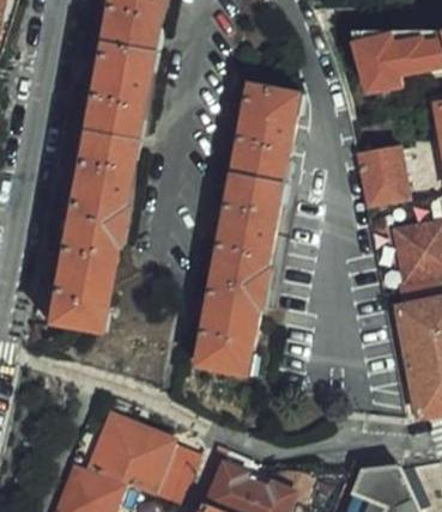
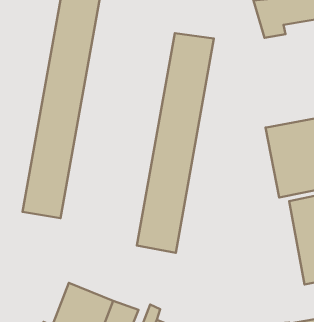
building: [357,147,407,208] -> none

